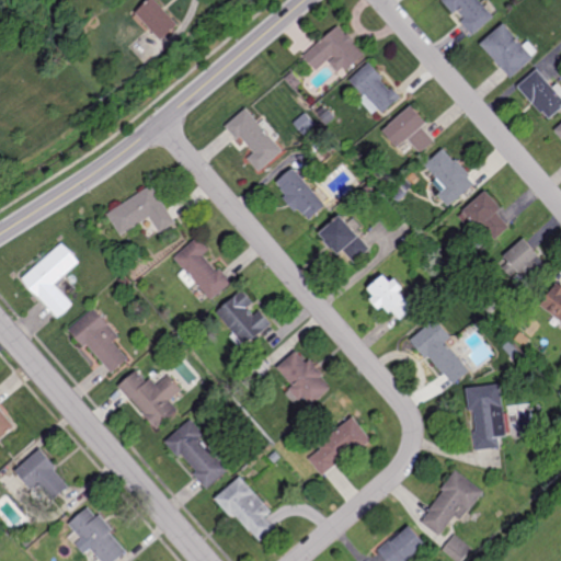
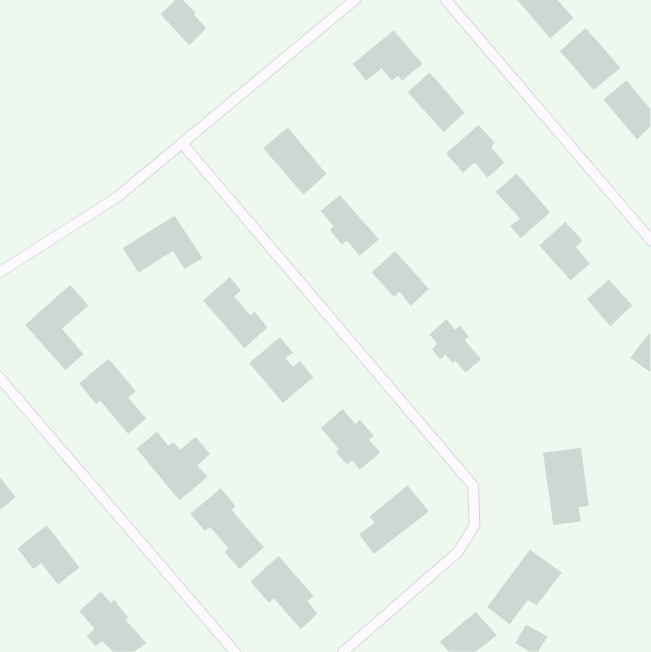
building: [411,319,469,387] -> none

